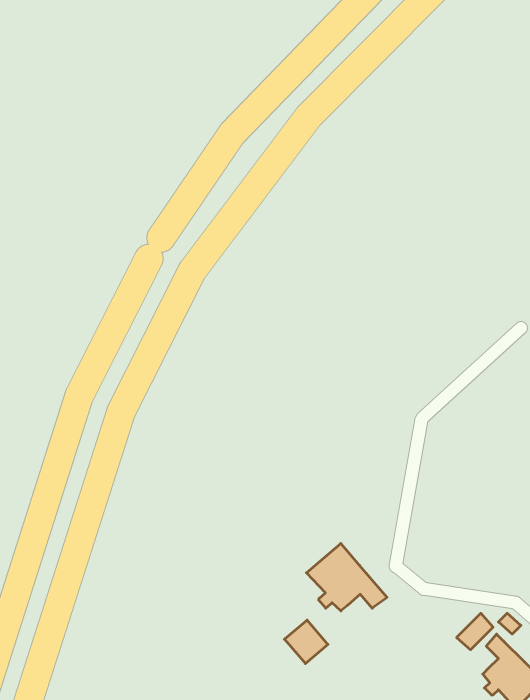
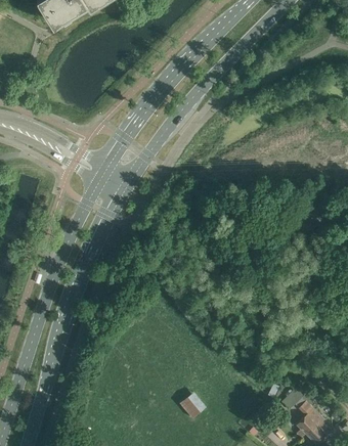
building: [306,543,387,611] -> none

